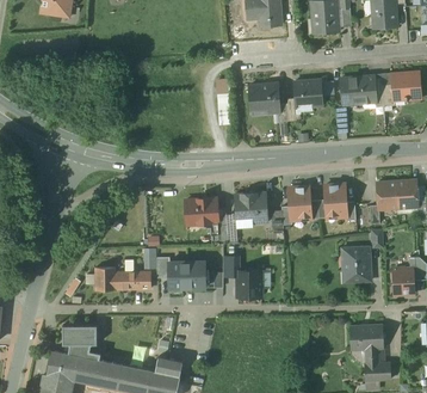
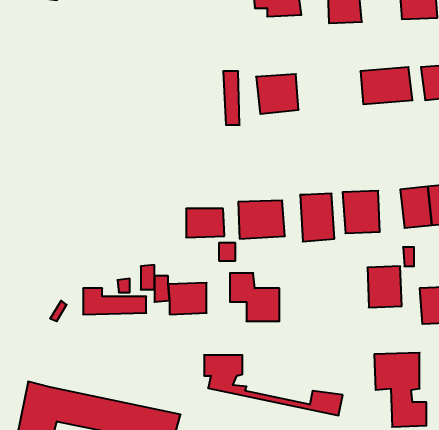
building: [289,78,324,110] -> none
building: [62,324,182,376] -> [204,355,343,415]

